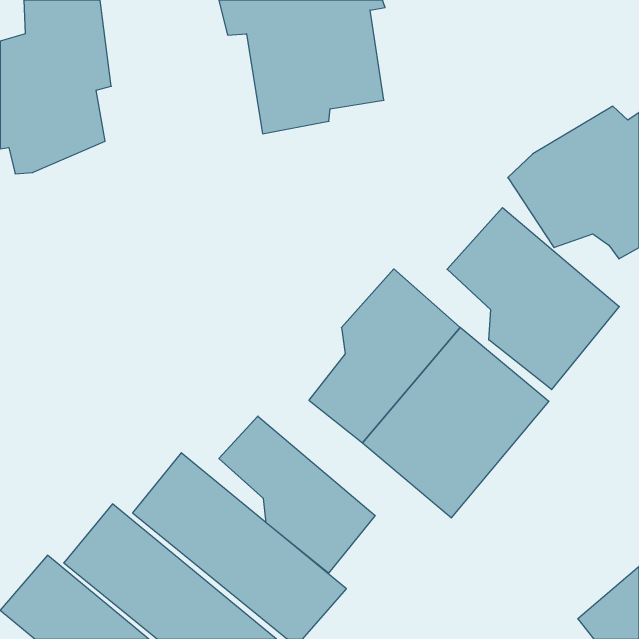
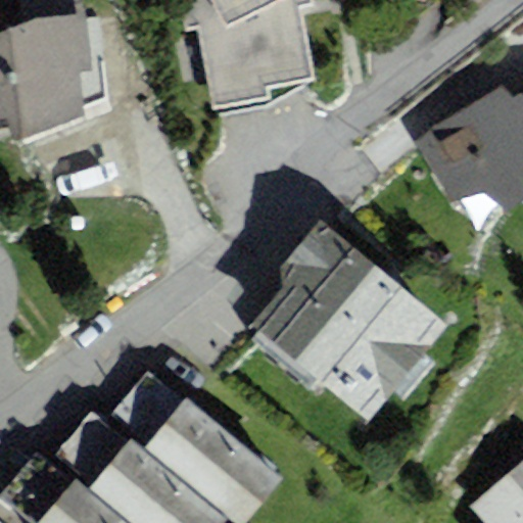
building: [447,208,619,390] -> none
building: [219,416,375,573] -> none

